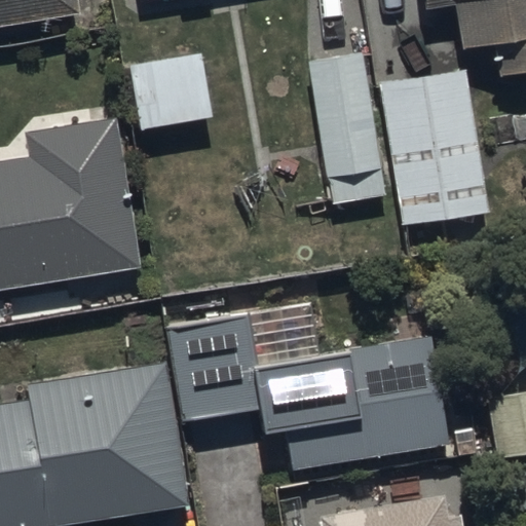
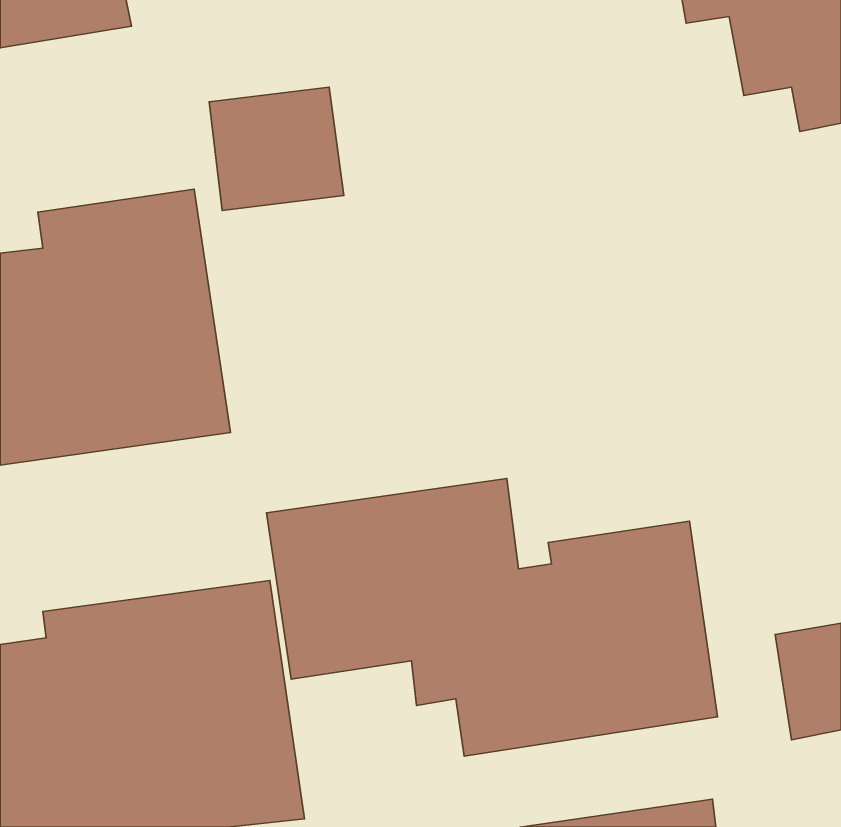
building: [307,44,386,205] -> none
building: [377,64,491,227] -> none

